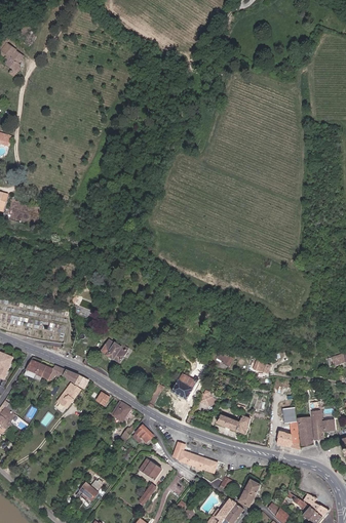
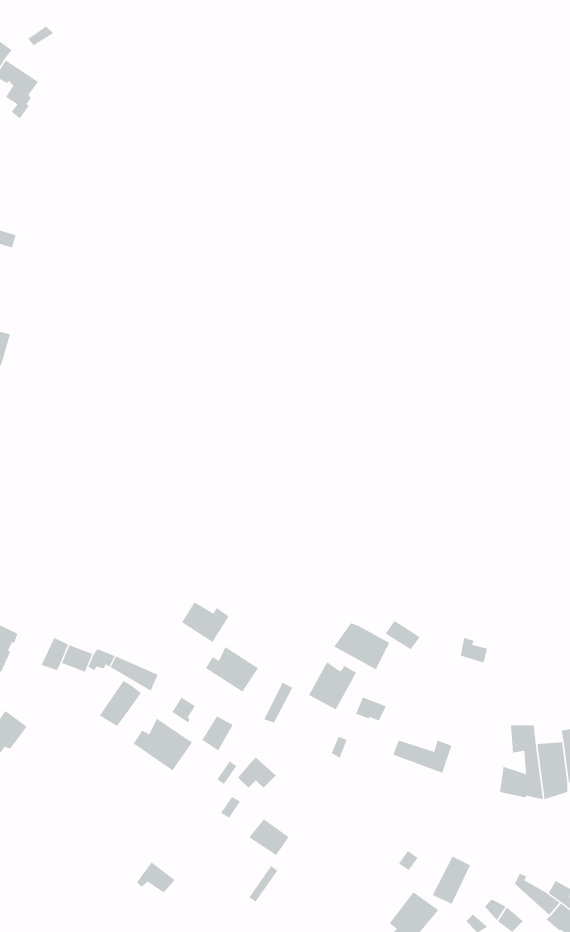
building: none -> [334,623,390,670]
building: none -> [205,646,259,693]
building: none -> [133,718,193,771]
building: [172,441,218,472] -> none

